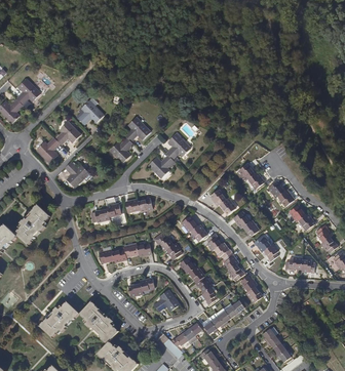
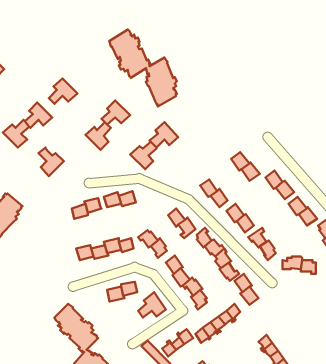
building: none -> [109,29,177,107]
building: [38,301,79,337] -> none

